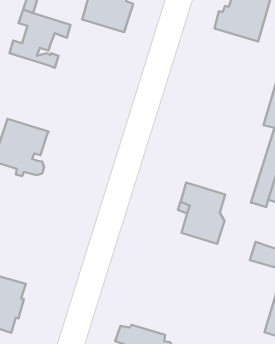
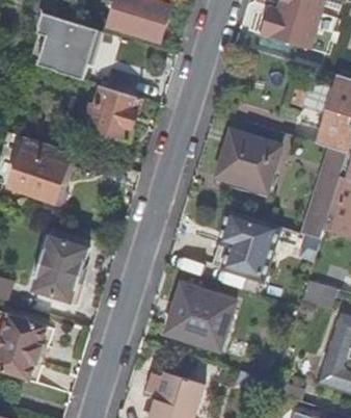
building: none -> [86,85,140,141]
building: none -> [215,130,280,191]
building: none -> [32,236,87,303]
building: none -> [170,285,236,350]

